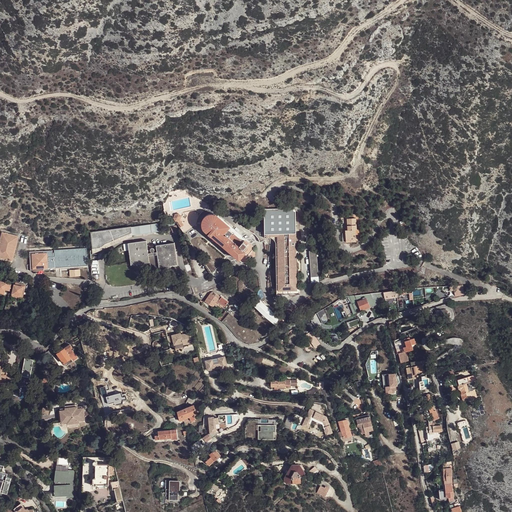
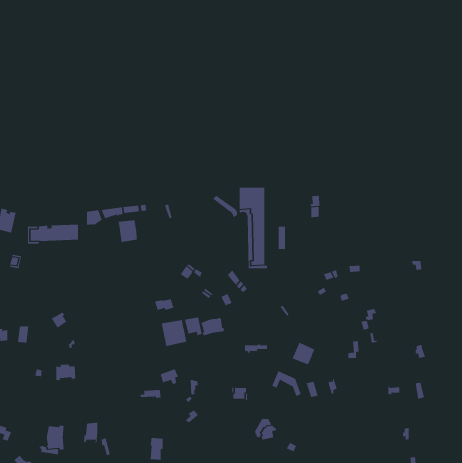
building: [199,210,245,255] -> none
building: [155,246,177,270] -> none
building: none -> [201,317,224,336]
building: none -> [161,319,187,347]
building: none -> [292,342,315,365]

